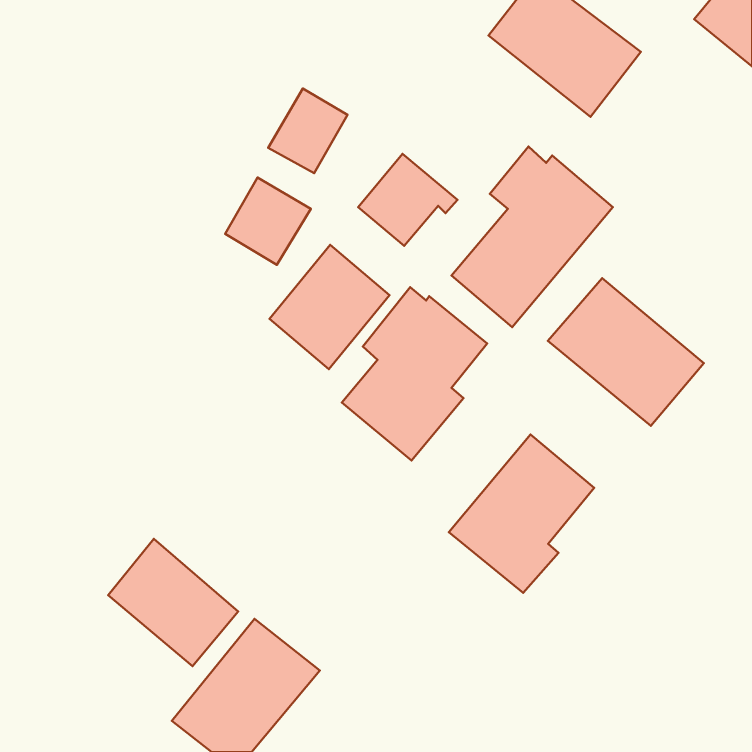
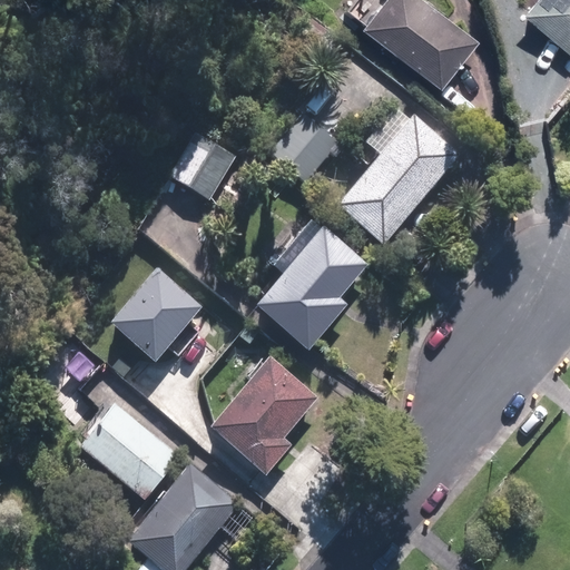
building: [268,88,348,173] -> none
building: [269,245,389,369] -> [108,265,198,358]
building: [548,278,704,426] -> none
building: [449,434,594,593] -> [210,356,320,475]

